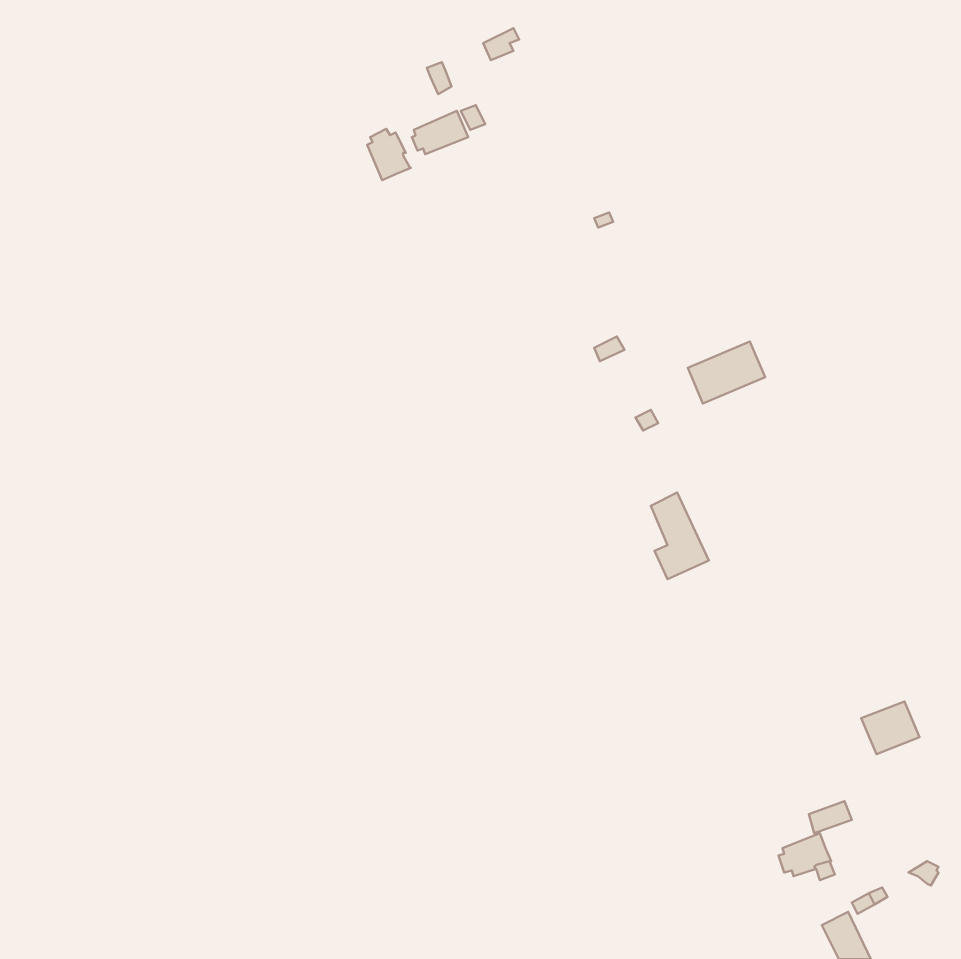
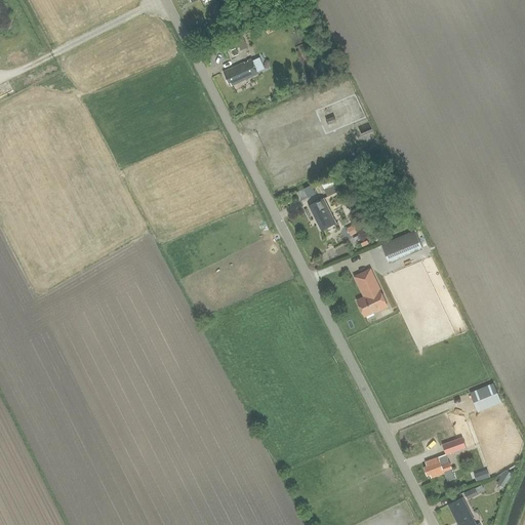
building: [367,129,411,180] -> none
building: [688,341,765,403] -> [379,229,421,262]
building: none -> [309,198,336,231]

